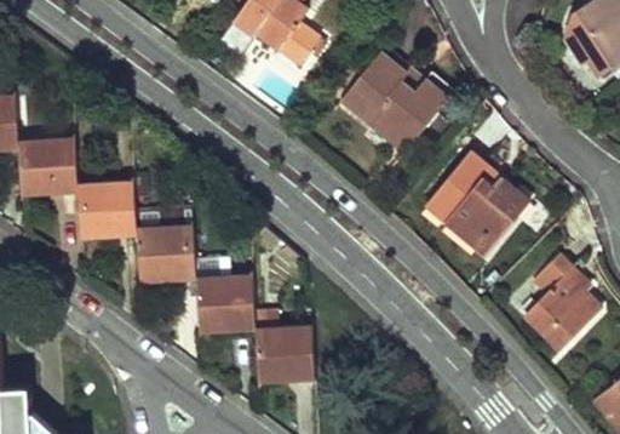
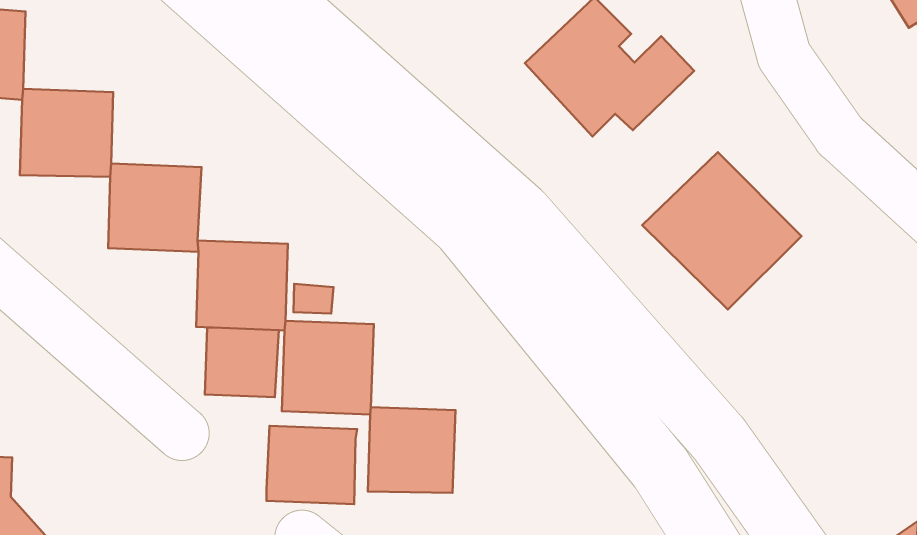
building: [523,245,605,350] -> none
building: none -> [205,328,279,397]
building: none -> [266,426,357,504]

